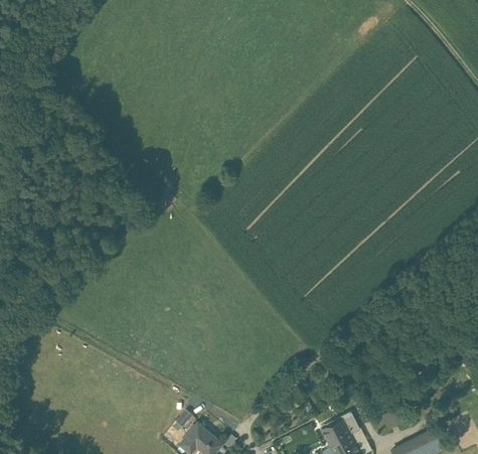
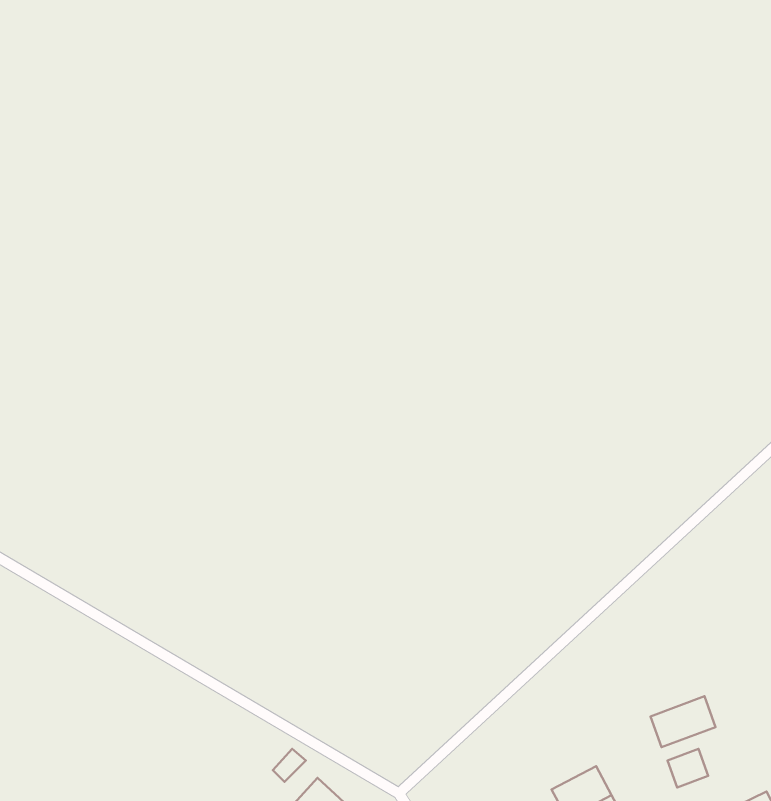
building: none -> [650,696,716,747]

